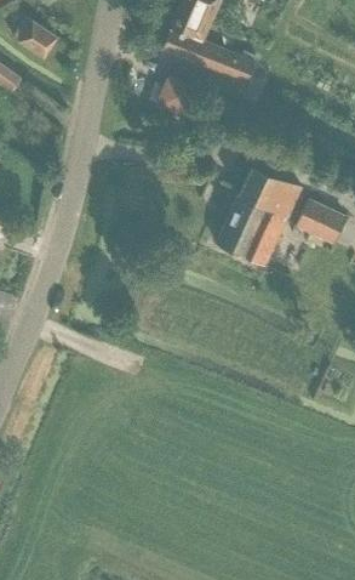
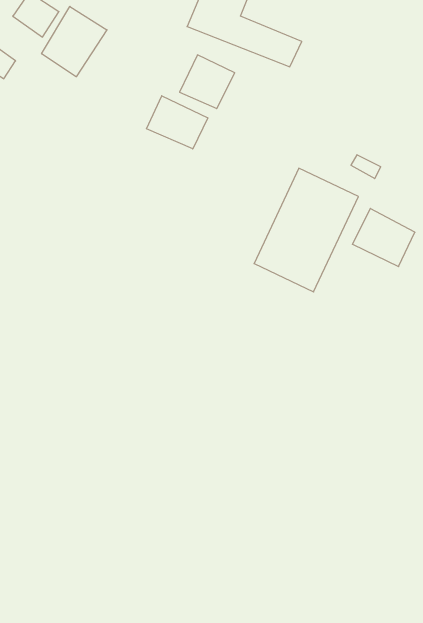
building: none -> [42,6,107,77]
building: none -> [147,96,208,149]

